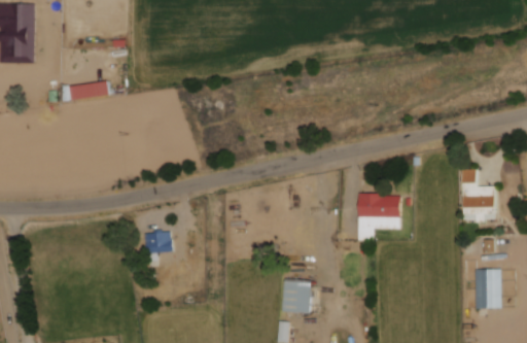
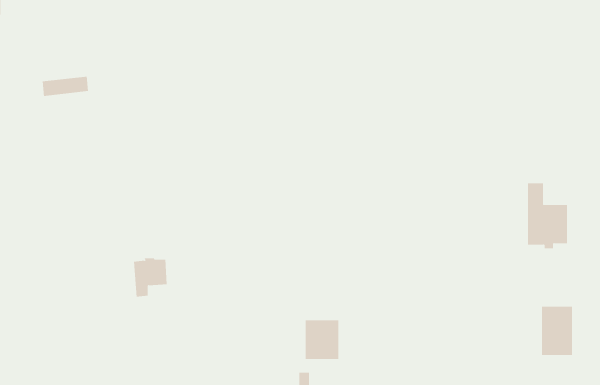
building: [357,193,399,240] -> none

